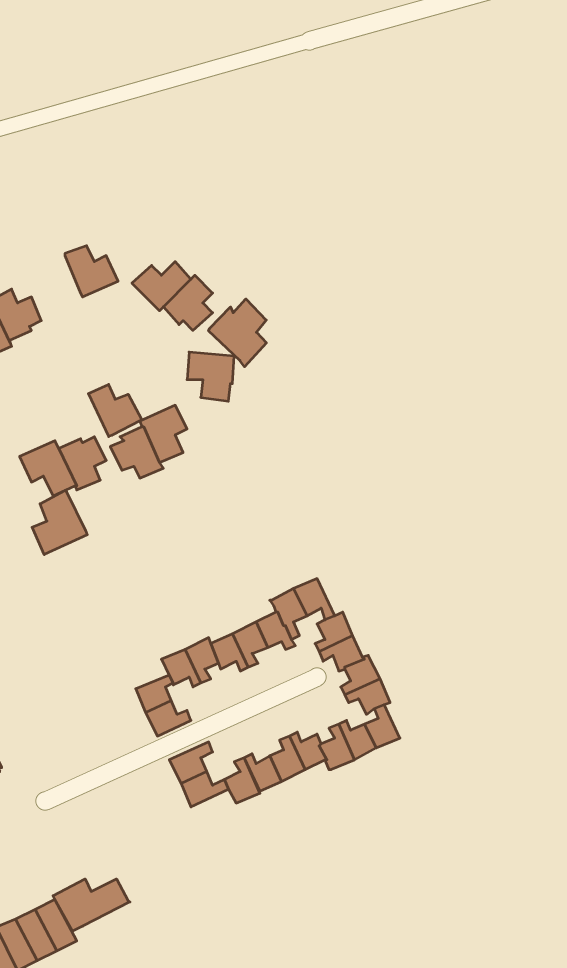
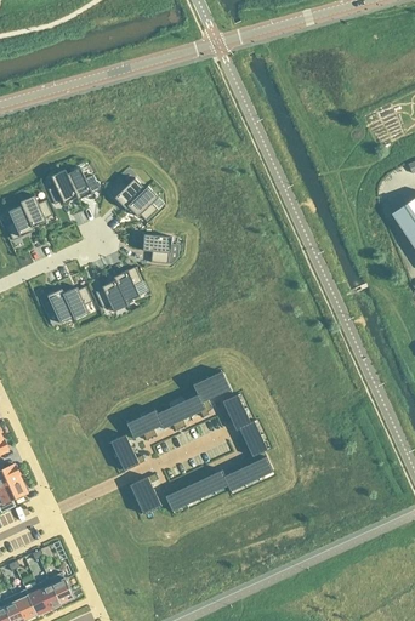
building: none -> [47,169,76,204]
building: [209,299,266,367] -> none
building: [88,384,141,437] -> none
building: [32,490,87,555] -> none
building: [53,879,130,931] -> none

